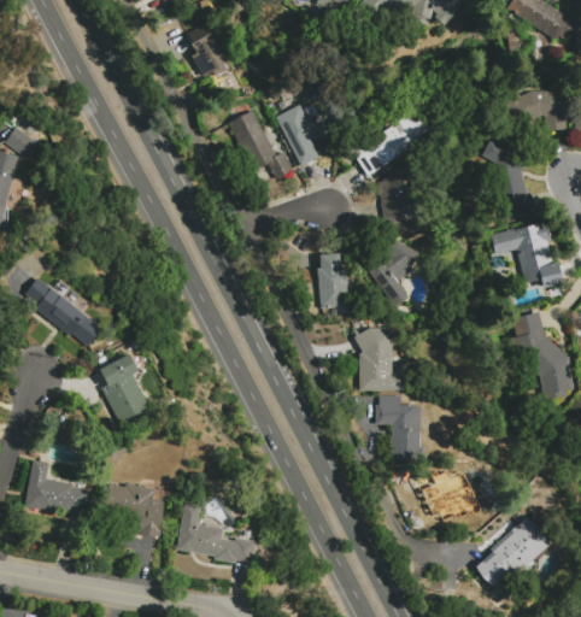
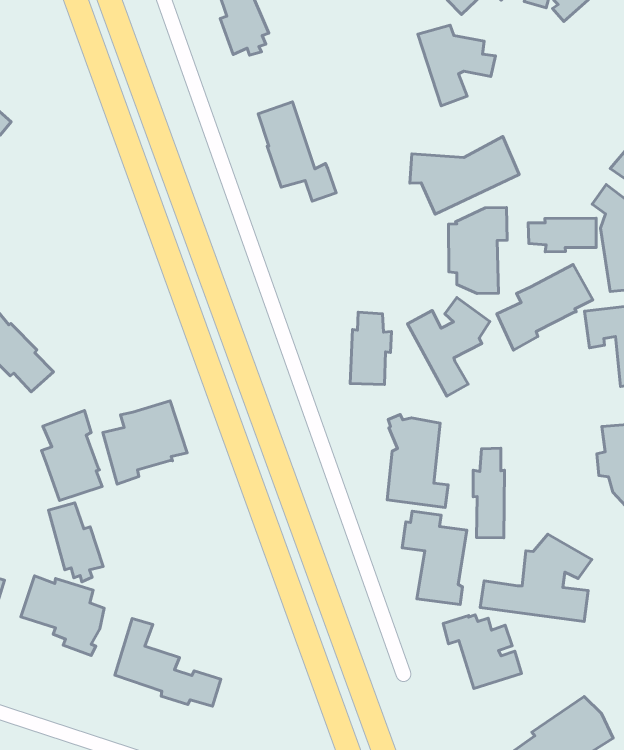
building: [277,106,336,166] -> [418,25,495,106]
building: none -> [528,218,596,252]
building: none -> [497,264,593,350]
building: none -> [103,401,187,484]
building: none -> [473,448,505,538]
building: none -> [480,534,592,621]
building: none -> [49,503,103,582]

